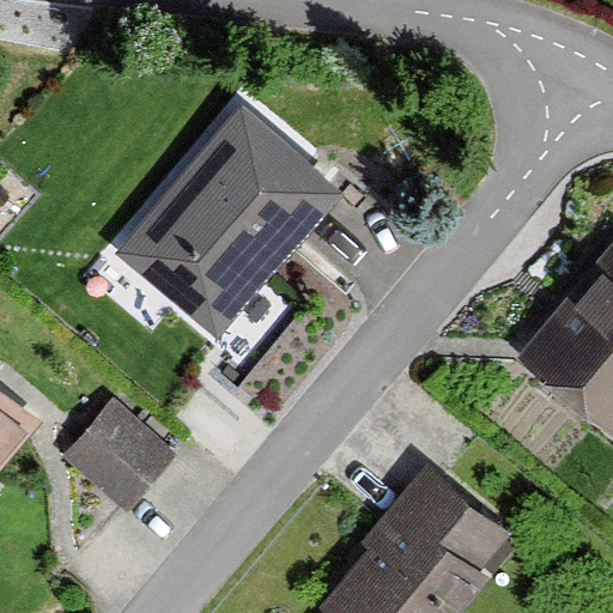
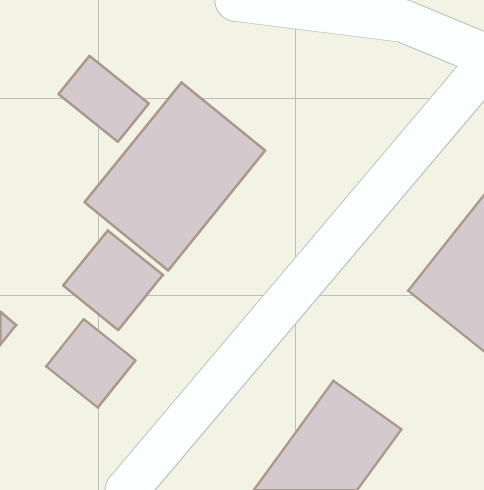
building: none -> [59,56,149,142]
building: none -> [63,230,163,330]

